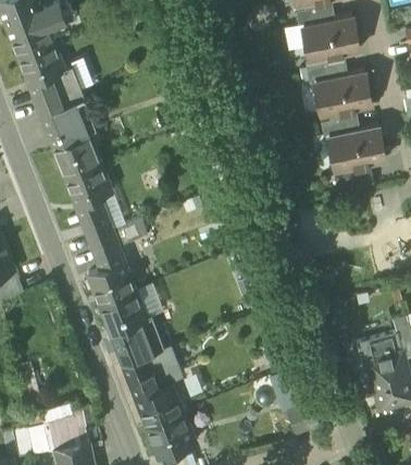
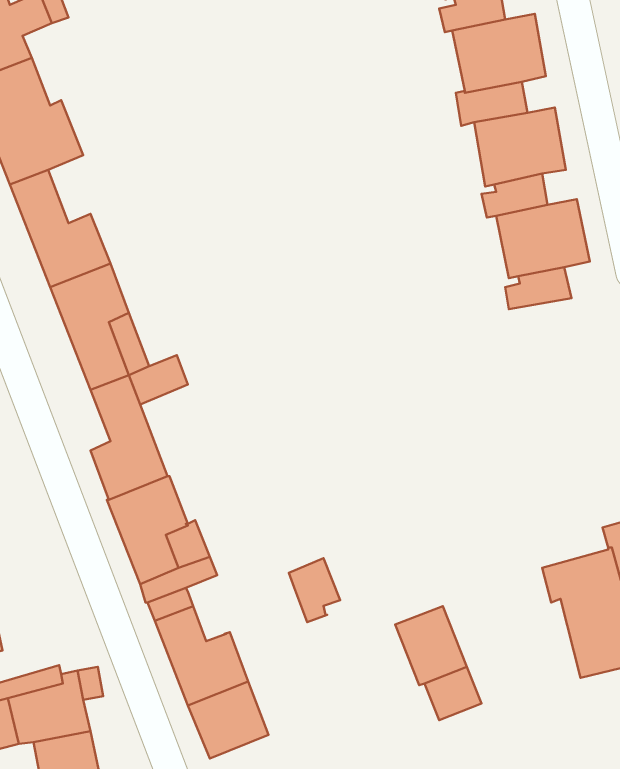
building: [63,98,96,138] -> none
building: [146,348,176,387] -> [289,558,340,622]

